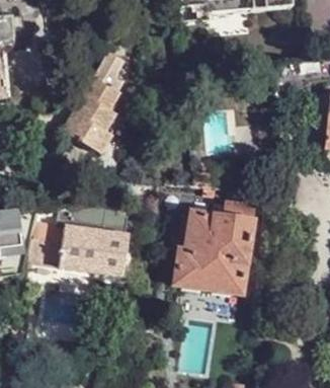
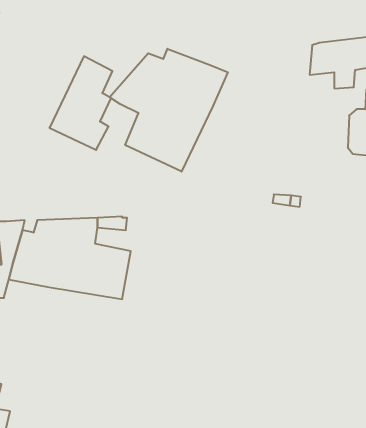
building: none -> [110,49,228,172]
building: [176,203,257,292] -> none

